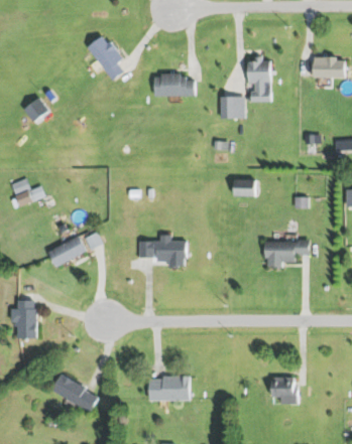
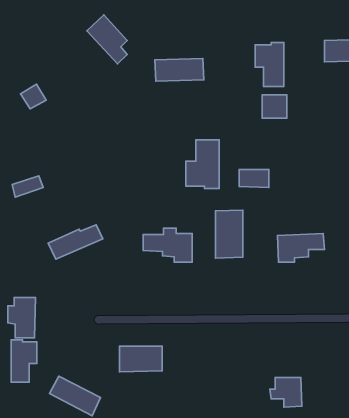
building: [221,97,244,119] -> [262,95,287,118]
building: none -> [186,140,219,189]
building: none -> [216,210,243,258]
building: none -> [11,340,37,382]
building: [151,378,192,402] -> [120,346,162,372]

